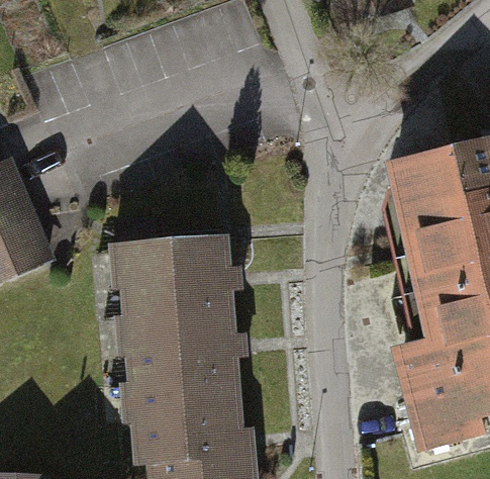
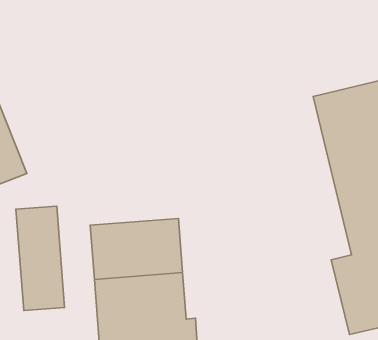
building: [117,210,230,315] -> none
building: none -> [16,206,65,310]

